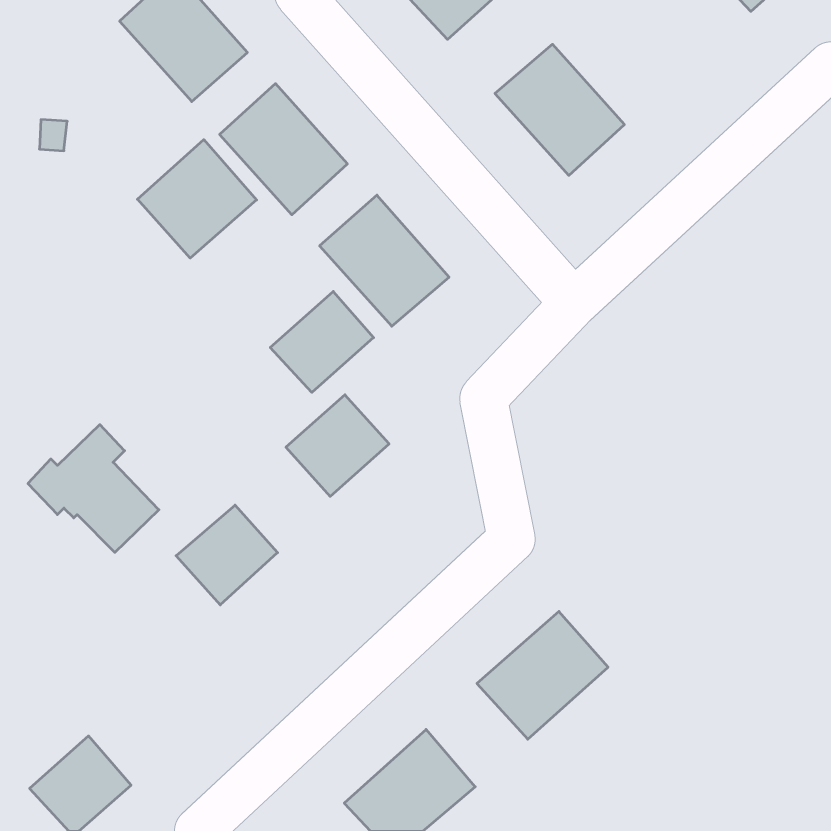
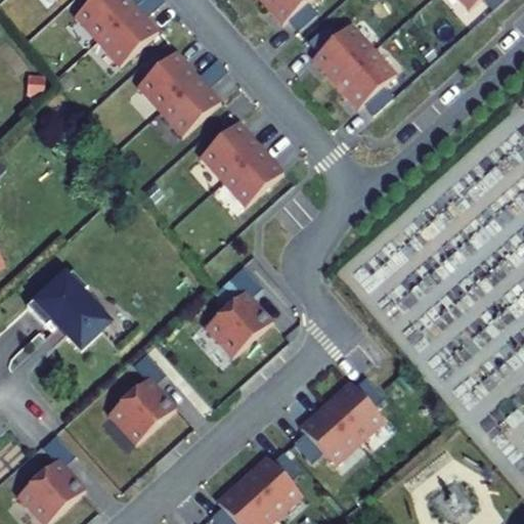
building: [137,140,257,258] -> none
building: [270,291,374,392] -> none
building: [286,395,389,496] -> [206,291,270,354]
building: [176,505,278,605] -> [110,379,173,441]

